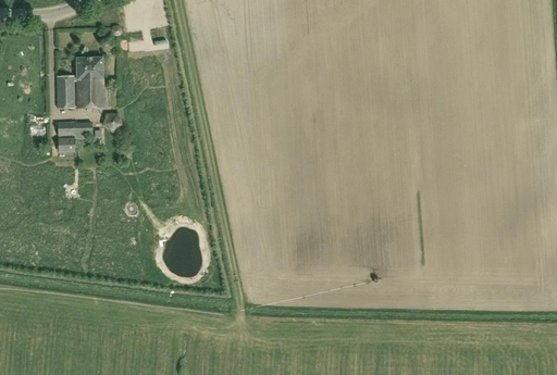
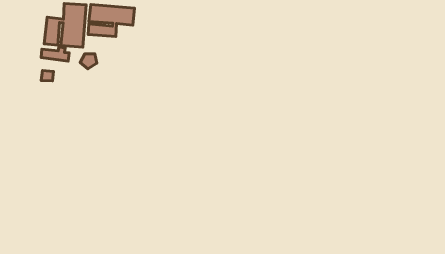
building: none -> [88,5,135,36]

